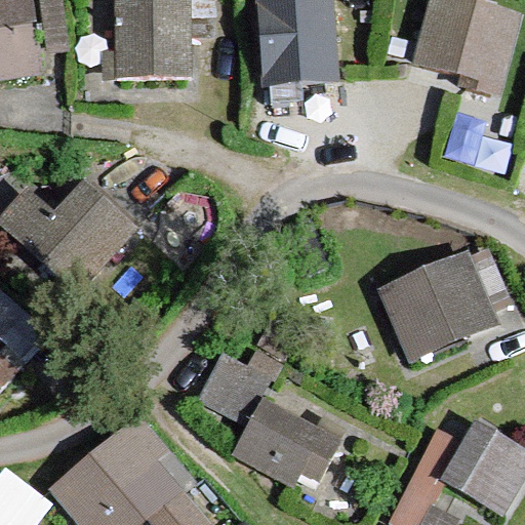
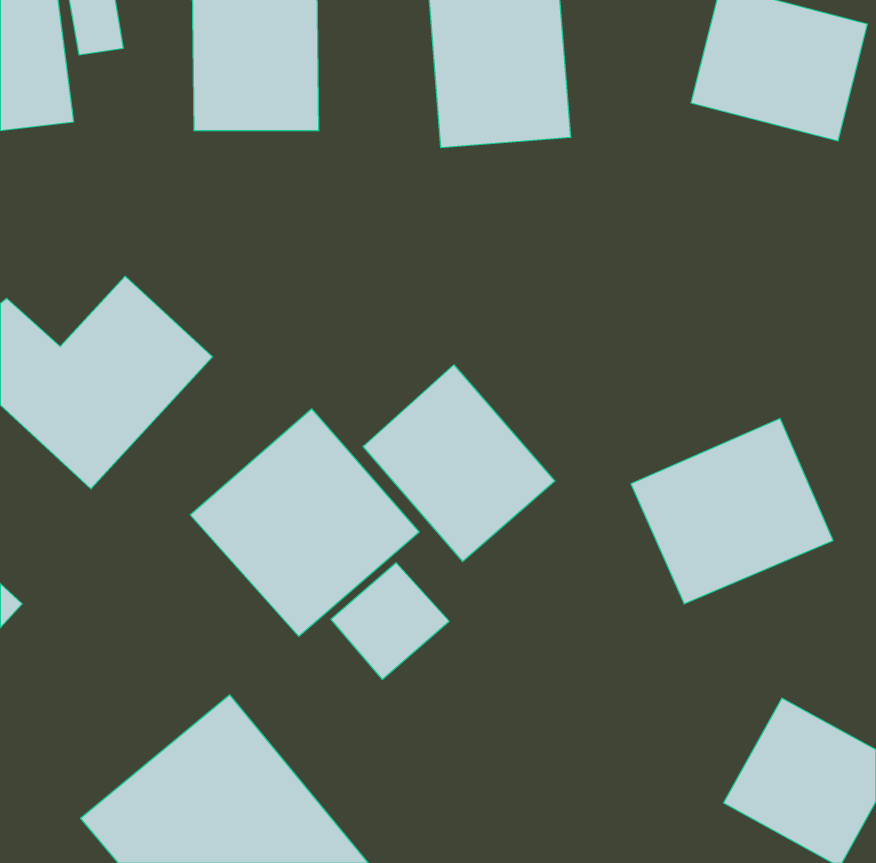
building: none -> [363,365,555,562]
building: none -> [190,409,419,636]
building: [233,395,344,492] -> none

